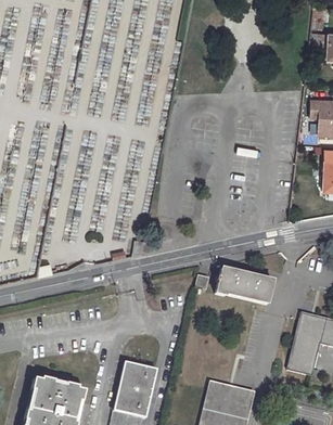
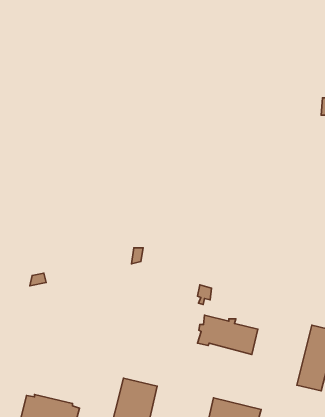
building: [215,268,271,305] -> [198,315,258,355]

